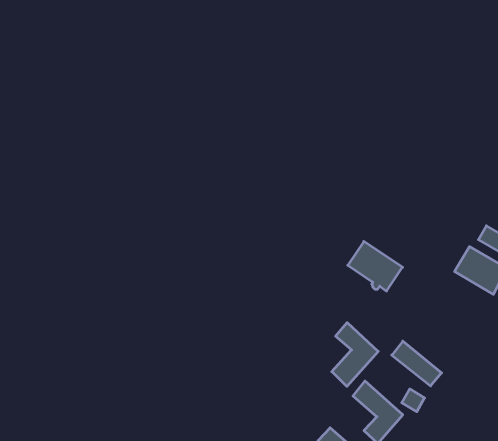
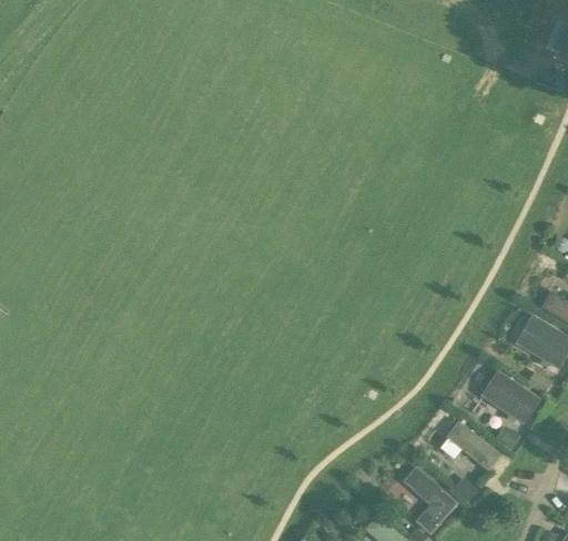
building: [348,241,403,291] -> [480,370,541,426]
building: [332,323,378,386] -> none

